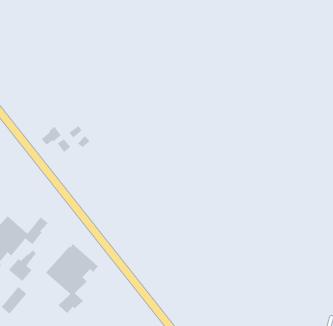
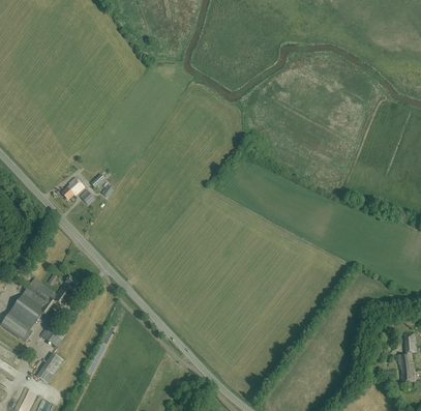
building: [45,243,99,314] -> none

